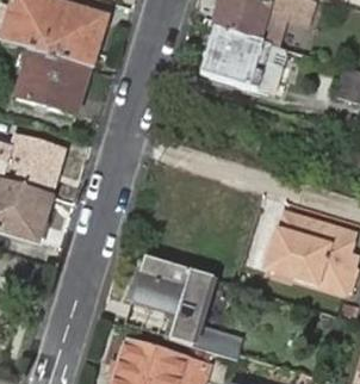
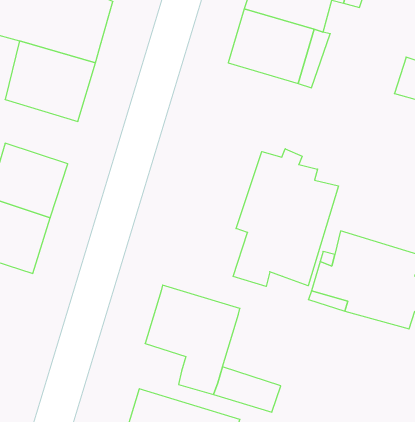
building: none -> [233,149,338,286]

